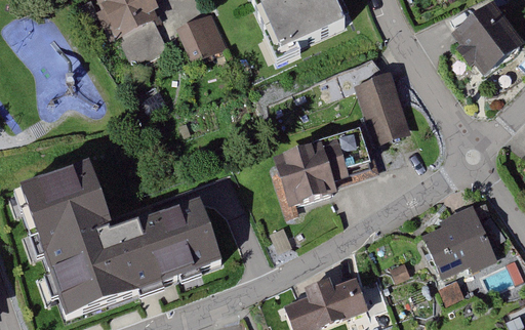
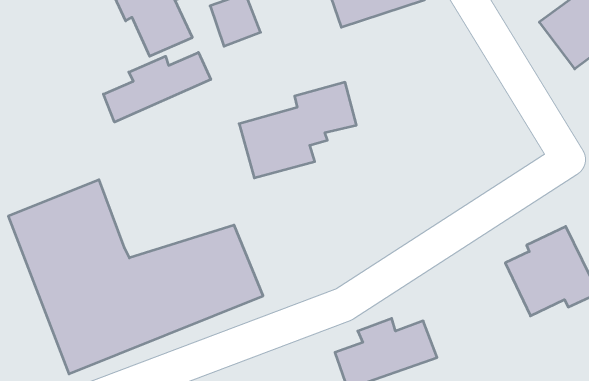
building: none -> [103,52,211,122]
building: [357,75,409,143] -> none
building: [274,129,369,207] -> [239,82,356,178]

